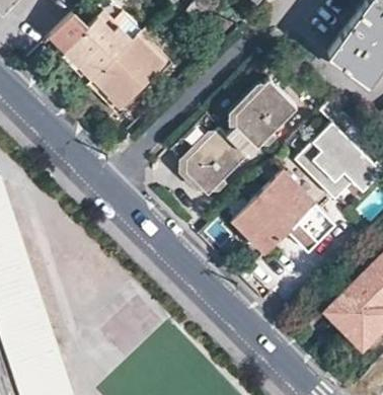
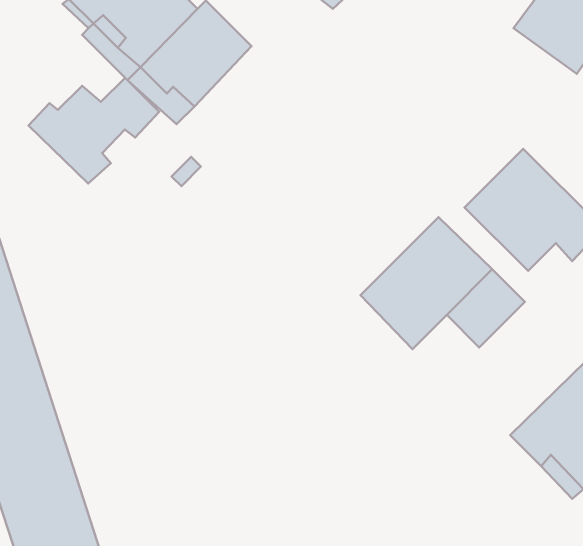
building: [168,78,297,195] -> none
building: none -> [28,78,159,184]

